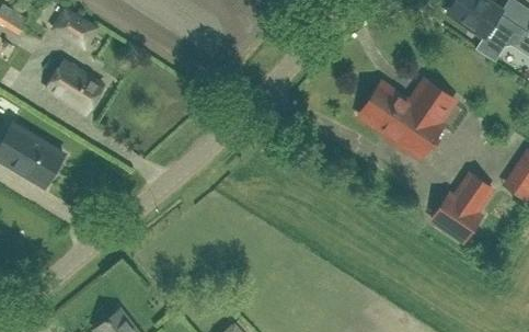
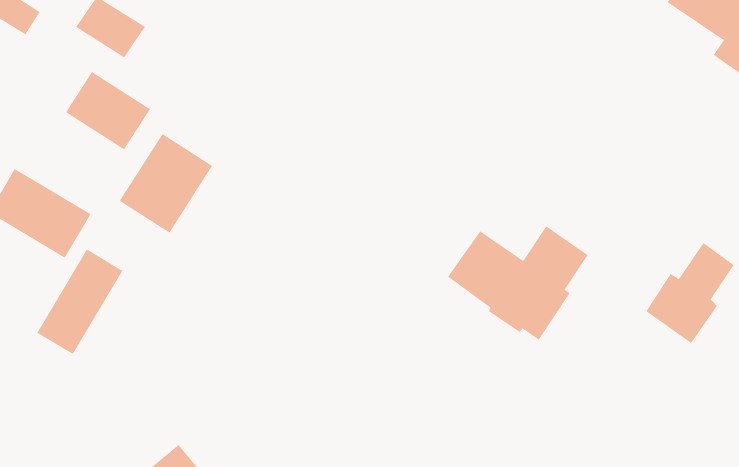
building: [358,81,452,158] -> [447,226,588,341]
building: none -> [119,133,213,234]
building: none -> [36,249,123,355]

